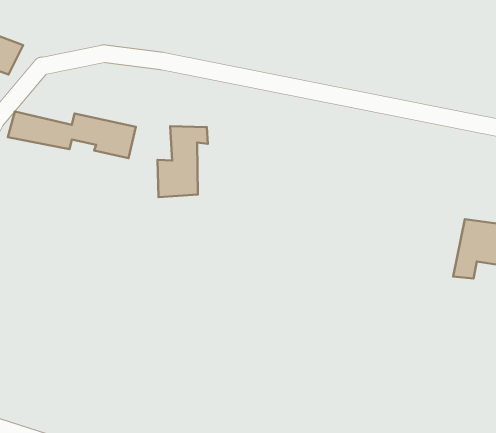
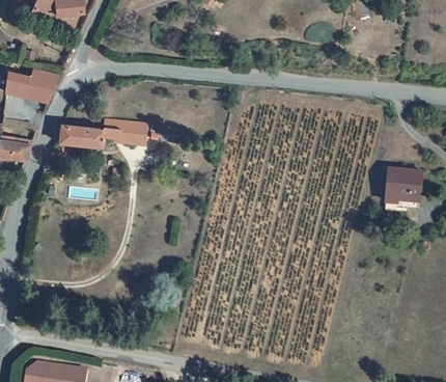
building: [157,126,208,197] -> none

